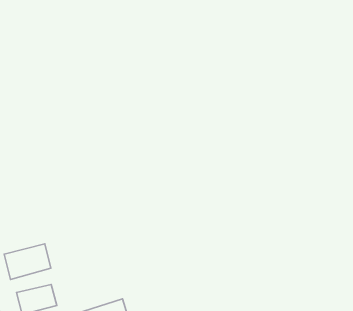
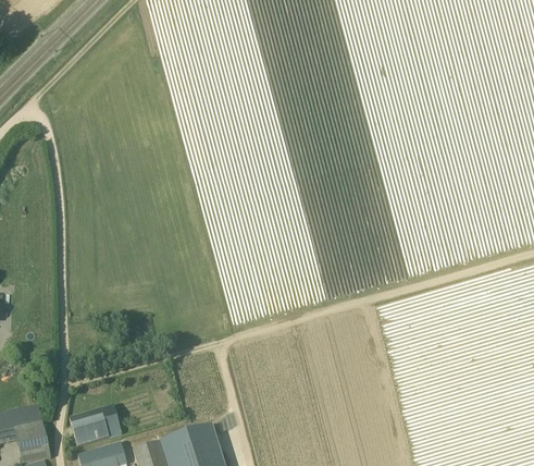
building: [4,244,51,280] -> none

